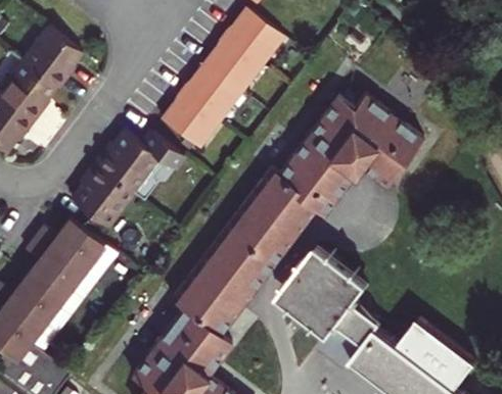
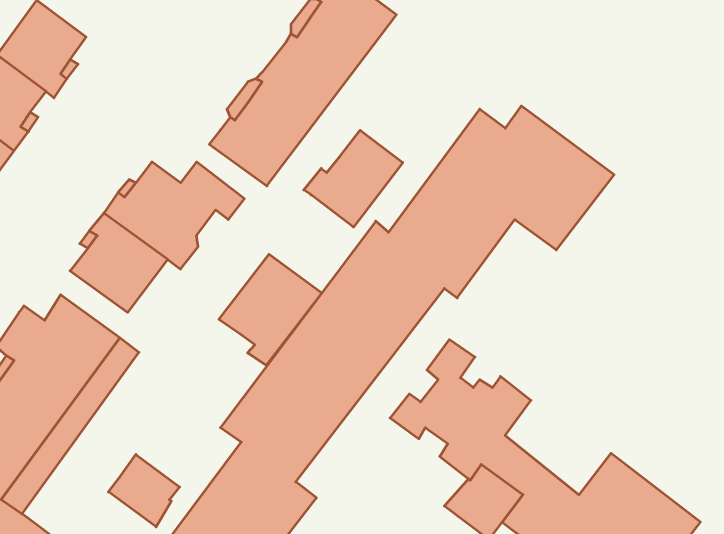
building: none -> [304,130,403,227]
building: none -> [219,254,322,365]
building: none -> [108,454,180,527]

